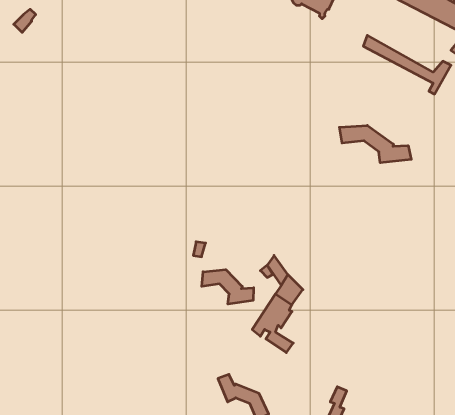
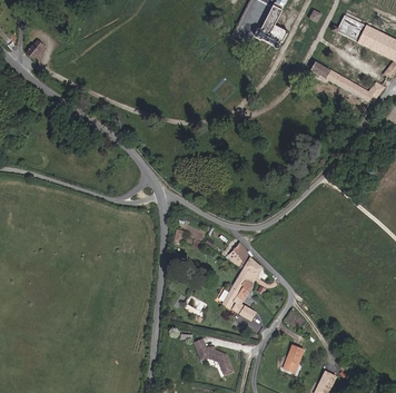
building: [339,125,411,163] -> none
building: [202,270,254,304] -> none

